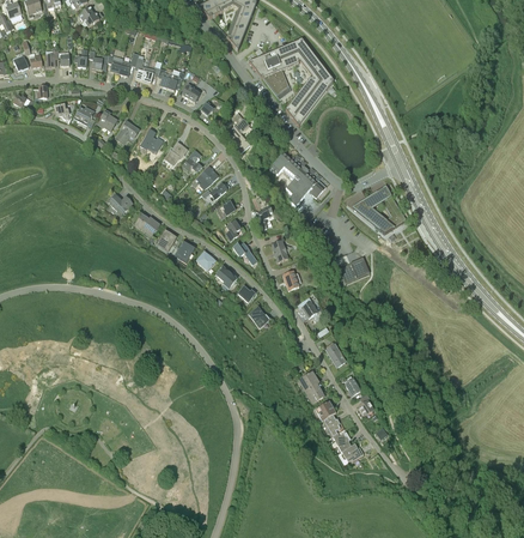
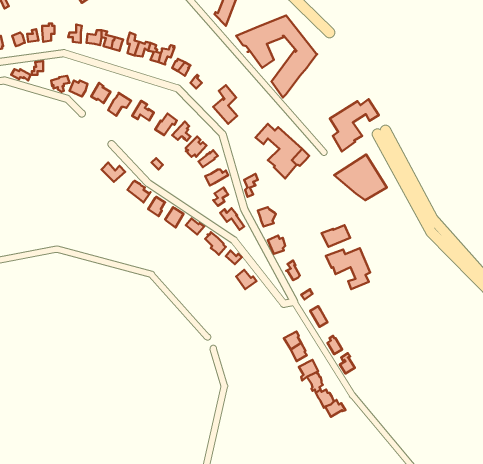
building: none -> [330,99,379,151]
building: none -> [326,248,370,289]

